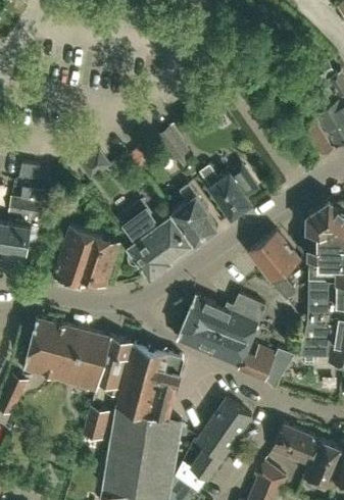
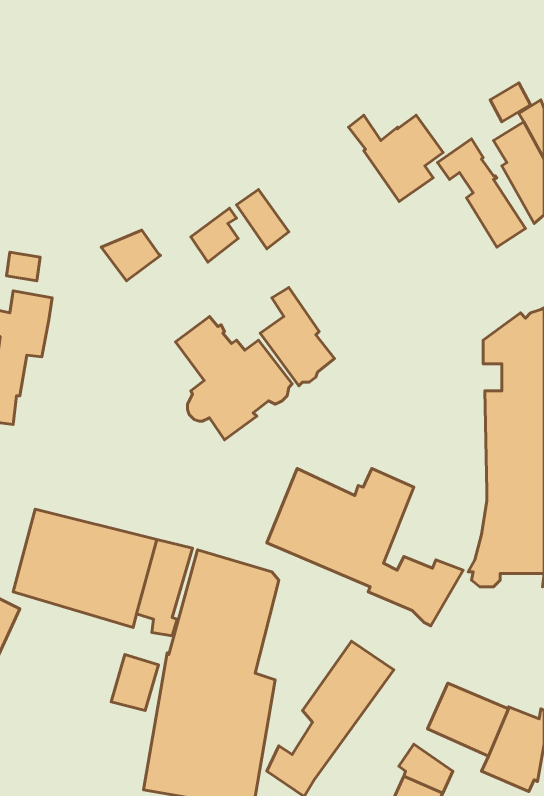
building: [200,167,257,219] -> [349,115,443,201]
building: [52,228,119,288] -> none
building: [249,234,300,301] -> none

